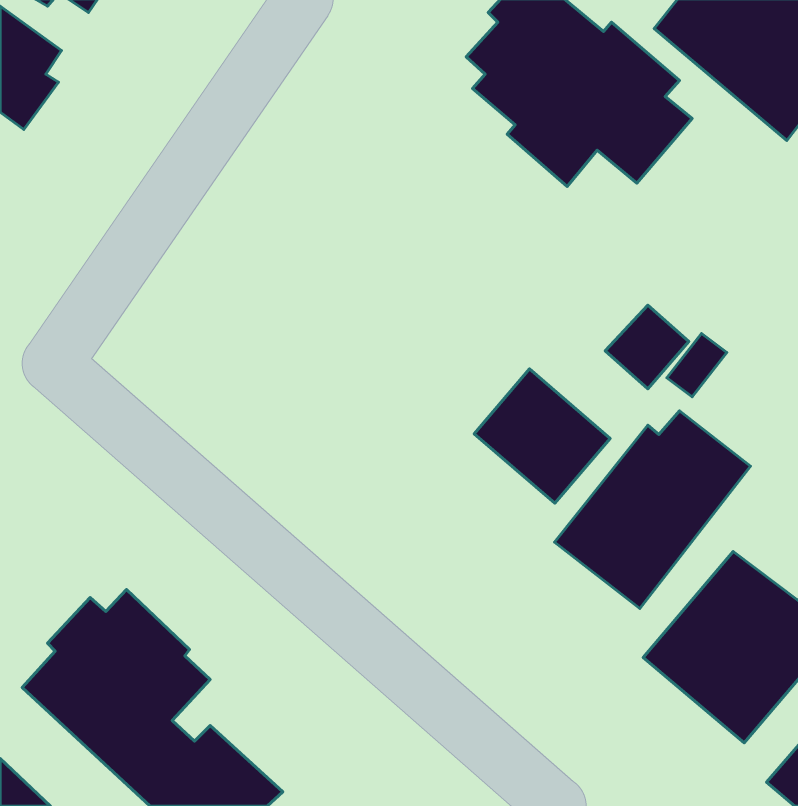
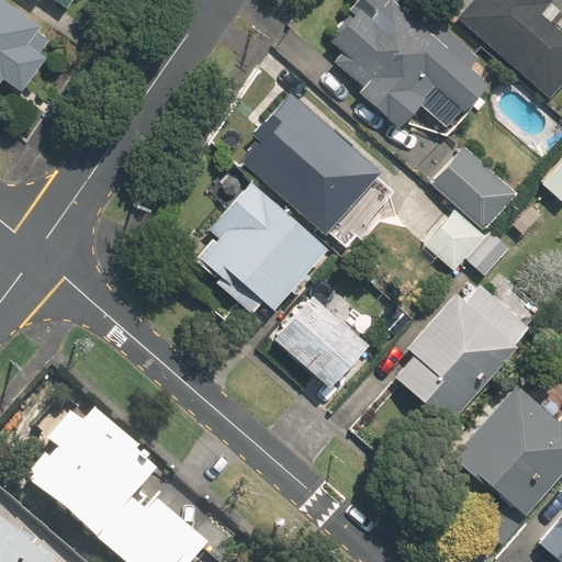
building: none -> [241,94,382,235]
building: none -> [435,146,518,228]
building: none -> [193,182,325,311]
building: [474,369,610,503] -> [272,295,367,389]

